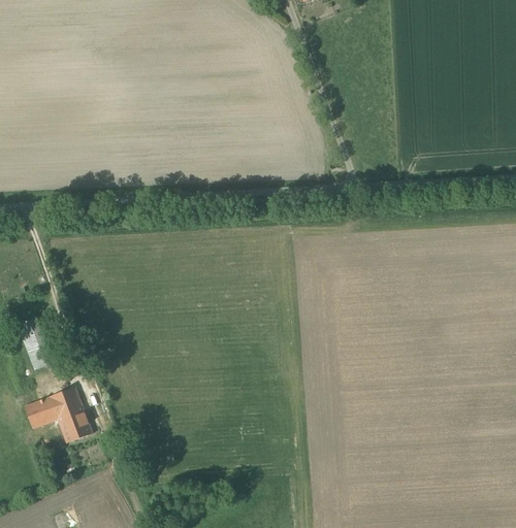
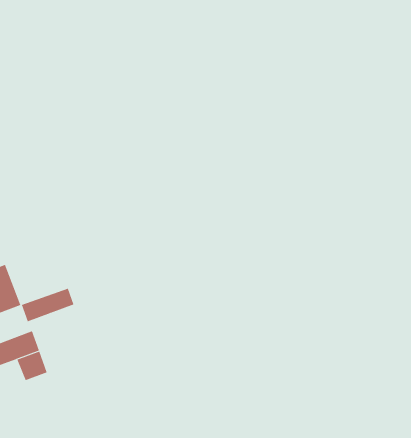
building: none -> [21,288,74,322]

